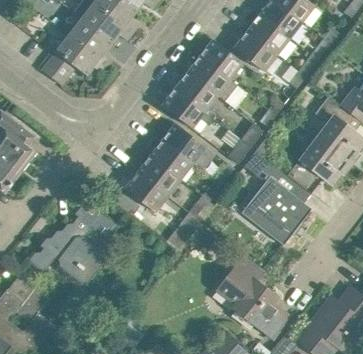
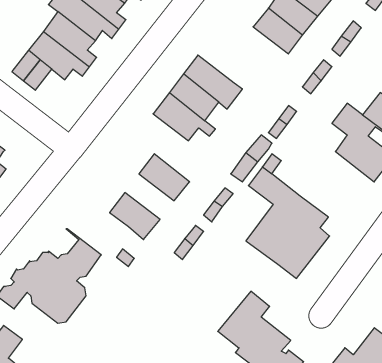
building: [233,31,276,71] -> none
building: [199,39,242,79] -> none
building: [162,123,205,163] -> none
building: [286,137,349,193] -> none
building: [137,156,179,195] -> none

